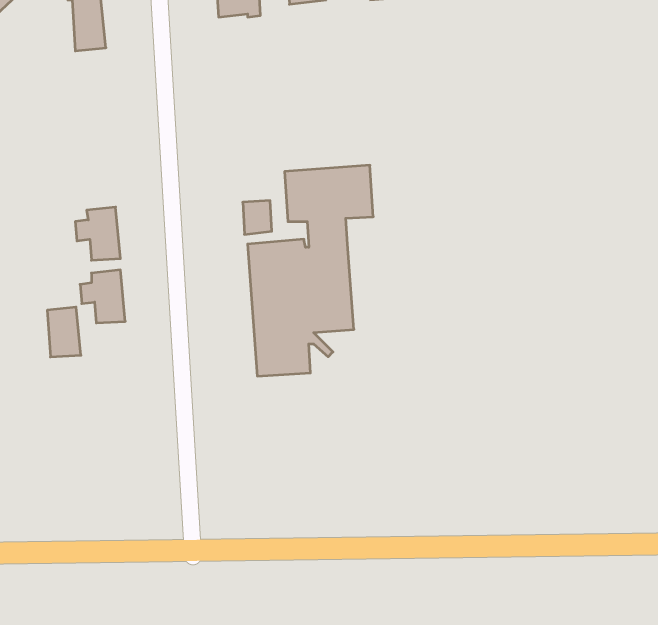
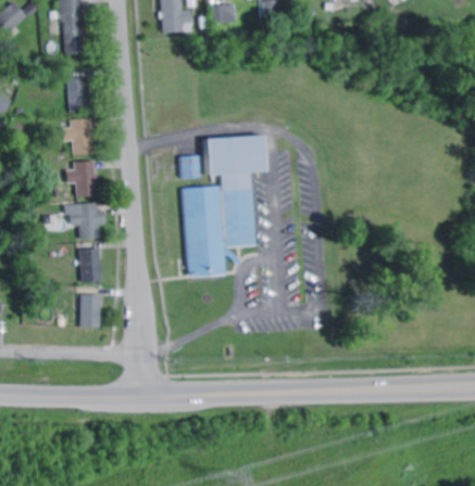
building: none -> [70,77,92,112]
building: none -> [63,118,93,155]
building: [47,307,81,357] -> [79,248,102,282]
building: none -> [79,295,101,327]

